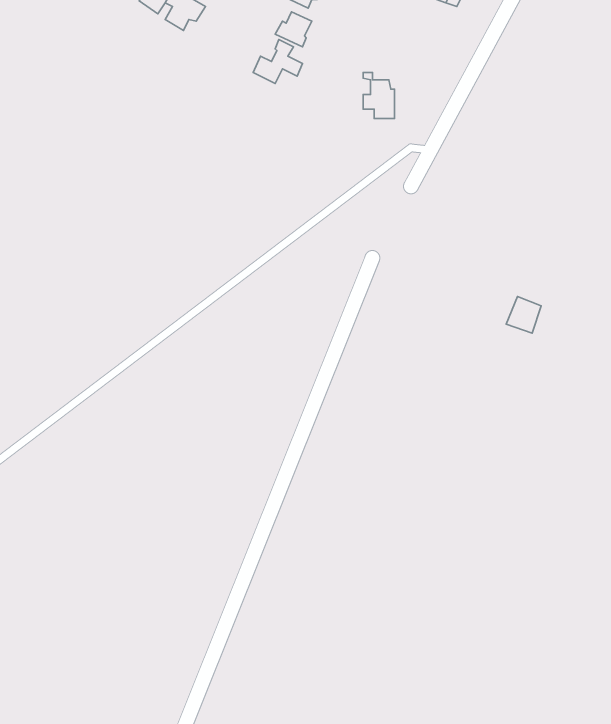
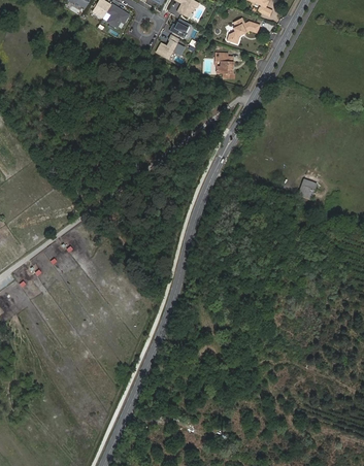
building: none -> [227,19,259,43]

